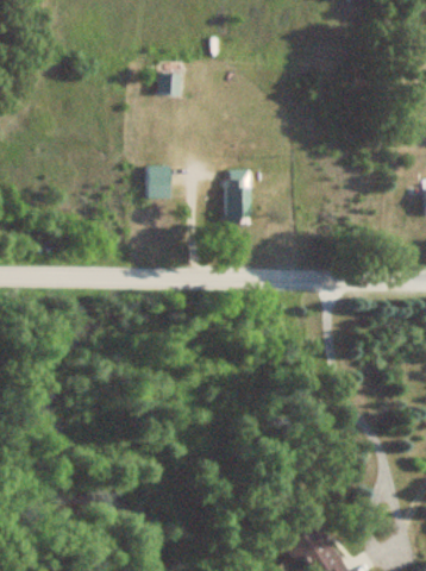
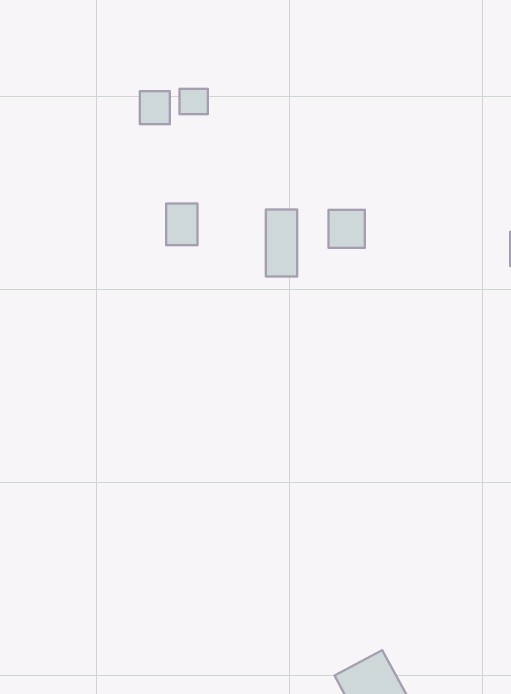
building: none -> [140,91,170,124]
building: none -> [328,210,365,248]

